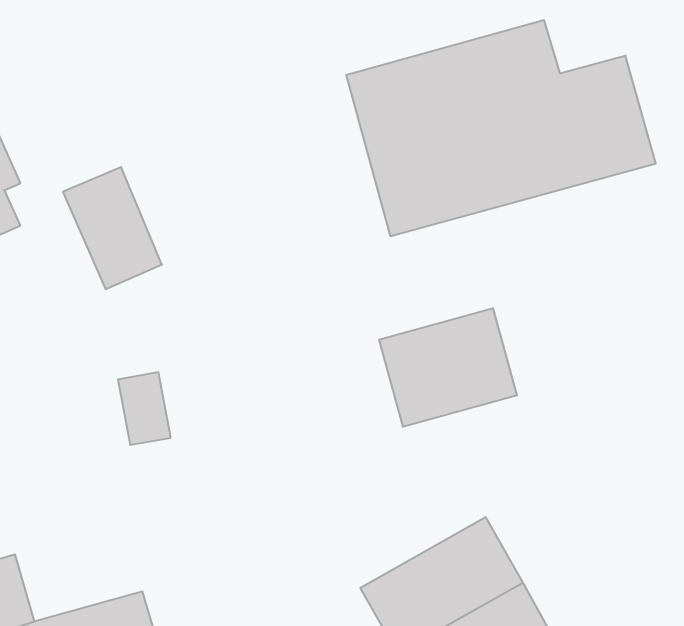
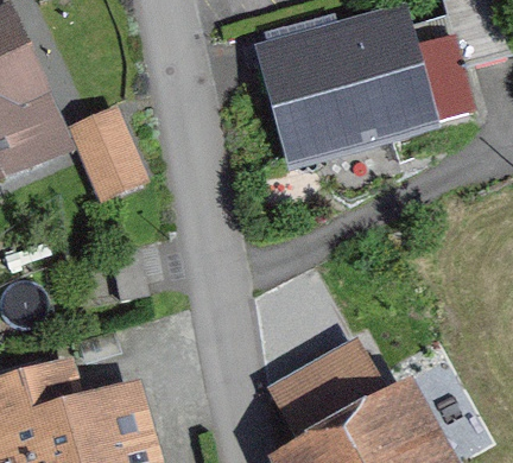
building: [379,308,517,427] -> none

